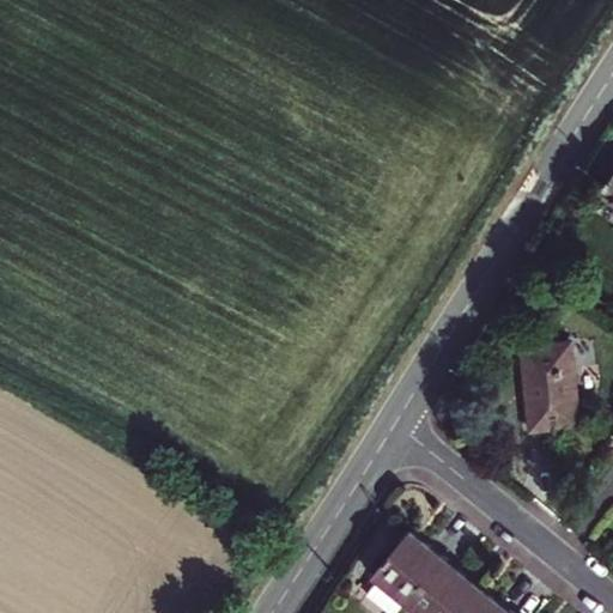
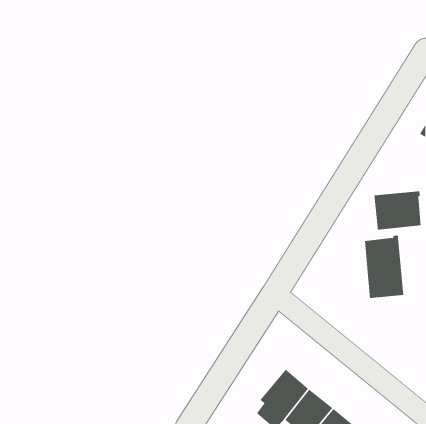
building: none -> [374,191,421,230]

